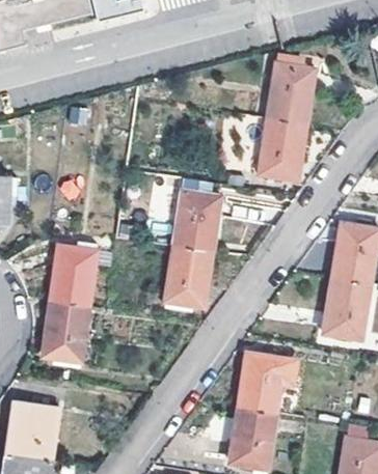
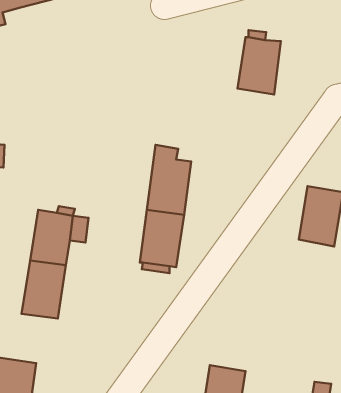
building: [261,118,306,178] -> none
building: [324,277,370,335] -> none
building: [239,351,286,415] -> none

